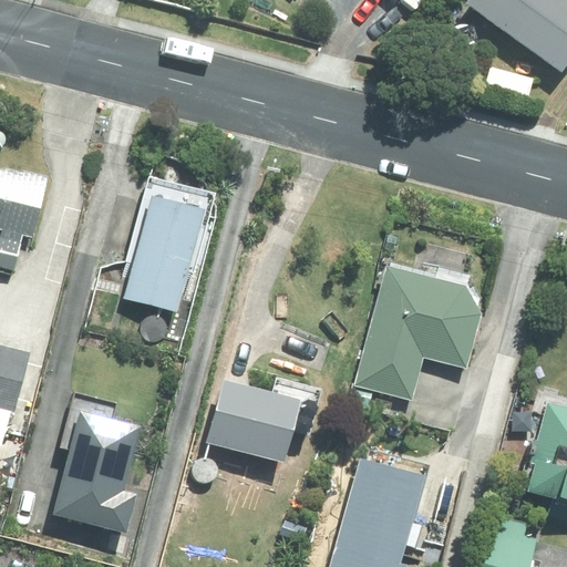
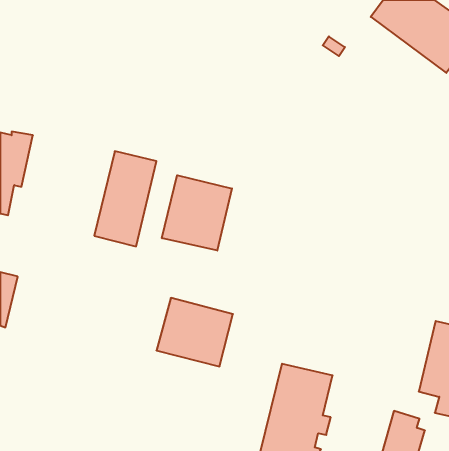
building: none -> [162,175,232,251]
building: [358,266,481,402] -> none
building: [53,408,136,528] -> none

